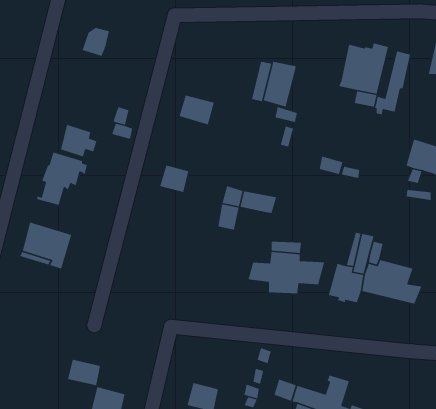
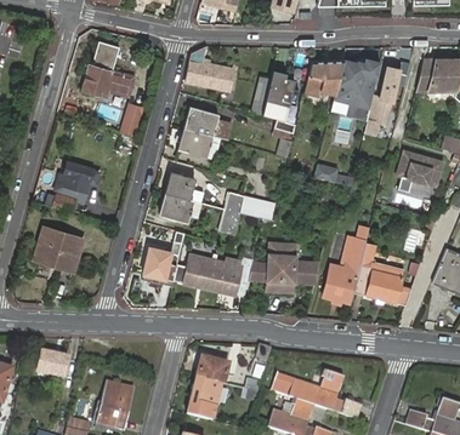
building: none -> [186,45,233,88]
building: none -> [300,58,343,107]
building: none -> [177,127,211,156]
building: [60,124,98,158] -> [83,64,118,96]
building: none -> [160,193,192,221]
building: none -> [142,230,184,286]
building: none -> [182,252,254,294]
building: [67,359,101,386] -> [36,350,68,376]
building: none -> [197,356,228,383]

